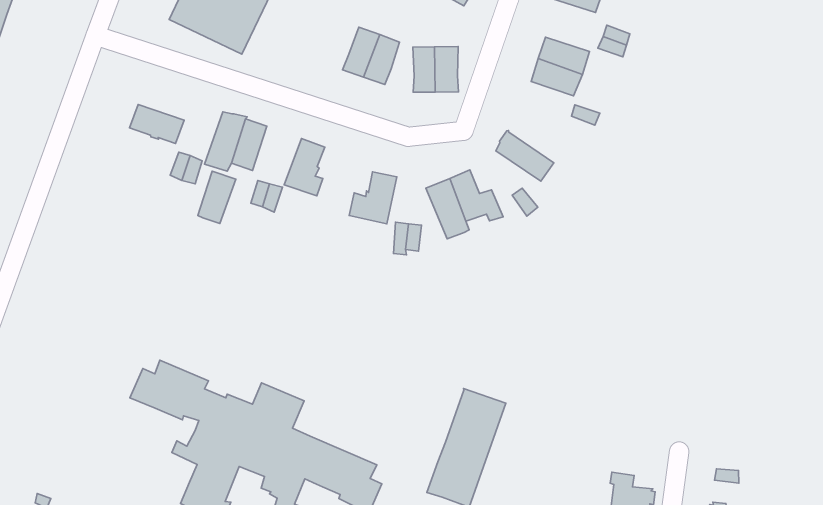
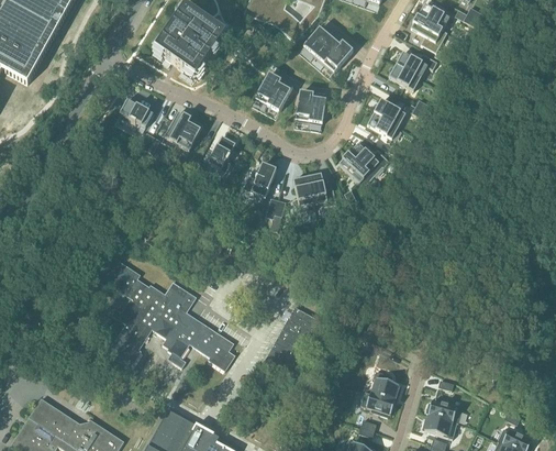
building: none -> [348,142,389,176]
building: [198,171,236,223] -> none

